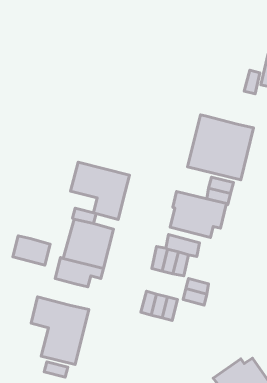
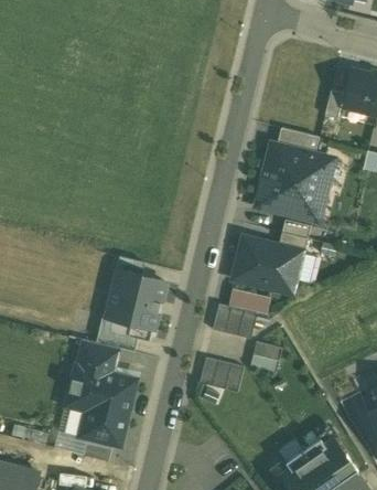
building: none -> [277,129,319,156]
building: [71,162,130,219] -> none
building: [13,236,50,265] -> [75,339,120,374]

